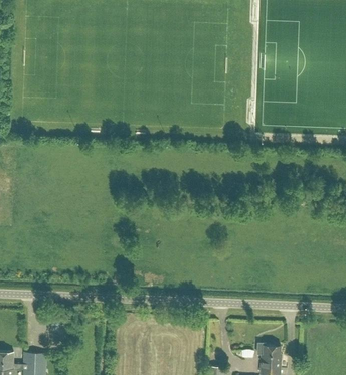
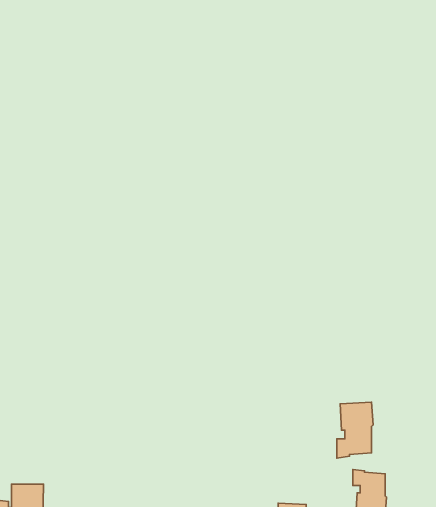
building: none -> [337,402,373,458]

